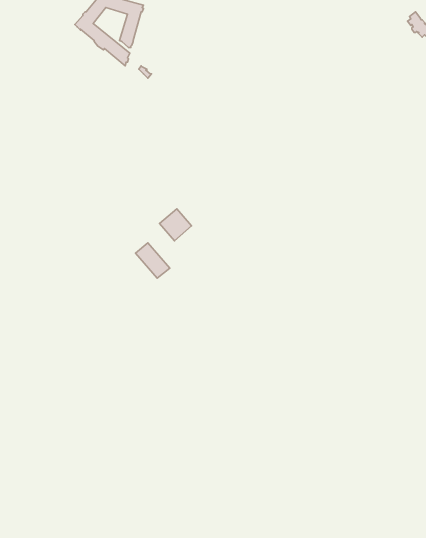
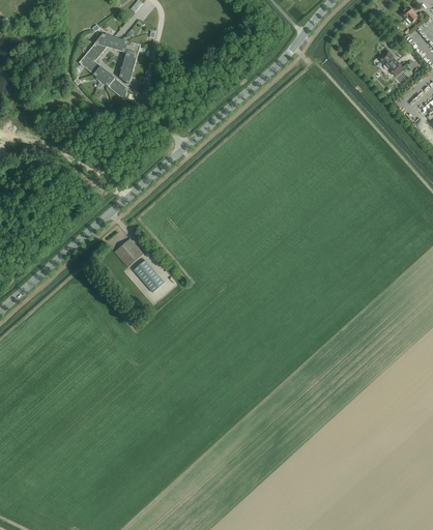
building: [160,209,192,241] -> [115,238,144,267]

